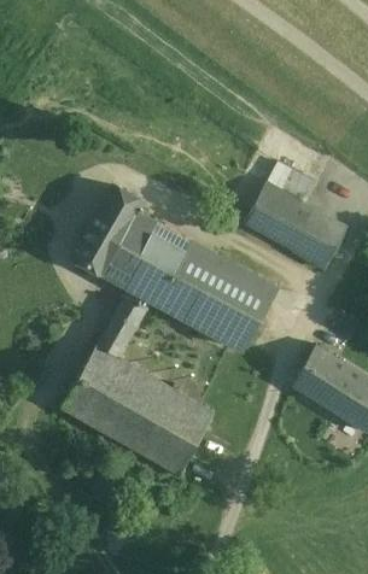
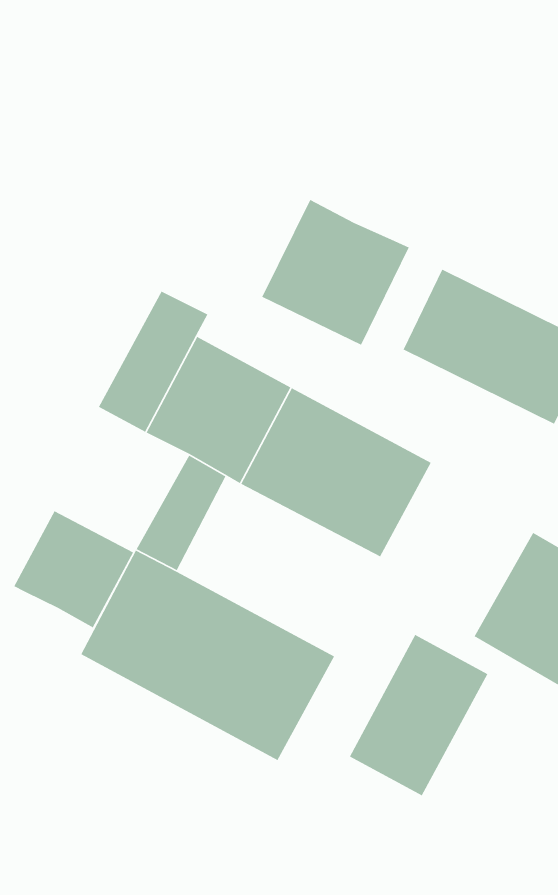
building: none -> [261,199,410,346]
building: none -> [13,510,134,629]
building: none -> [349,634,488,797]

